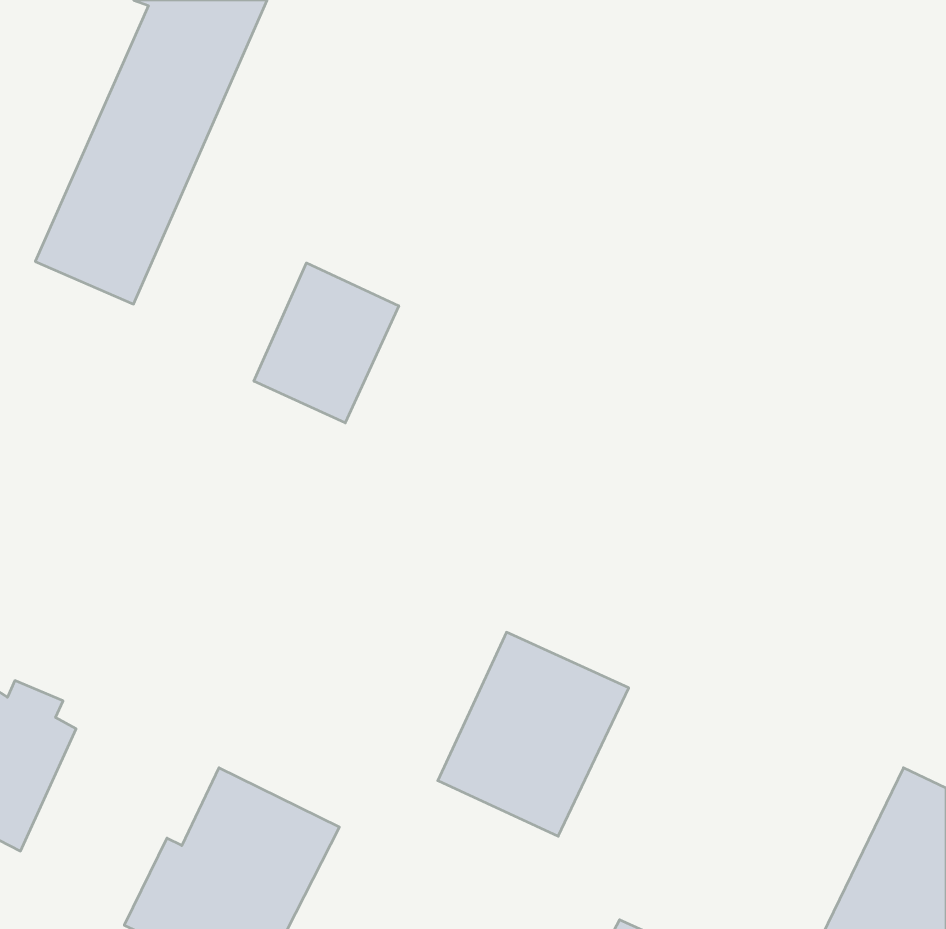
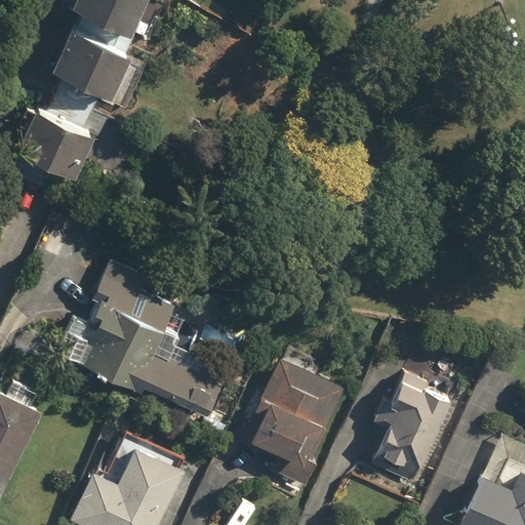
building: [254,263,399,423] -> none
building: none -> [59,260,225,418]
building: none -> [364,372,452,487]

